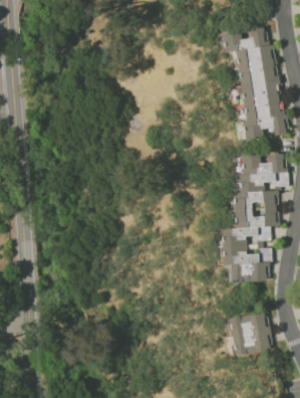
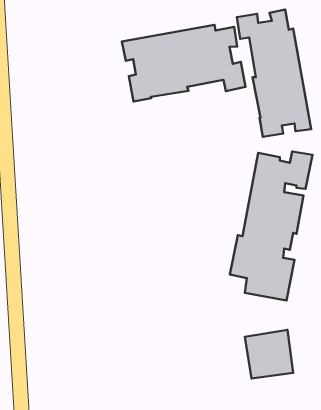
building: none -> [122,25,246,102]

